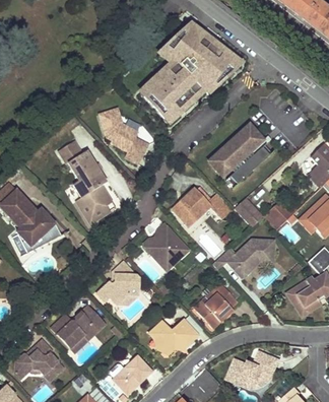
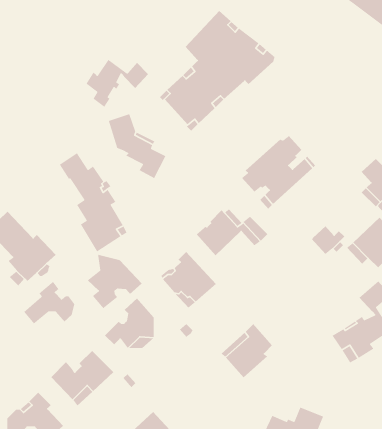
building: none -> [85,59,149,108]
building: [234,197,263,226] -> none
building: none -> [87,254,142,309]
building: [212,239,272,276] -> none
building: none -> [23,281,75,325]
building: [148,319,198,353] -> none

